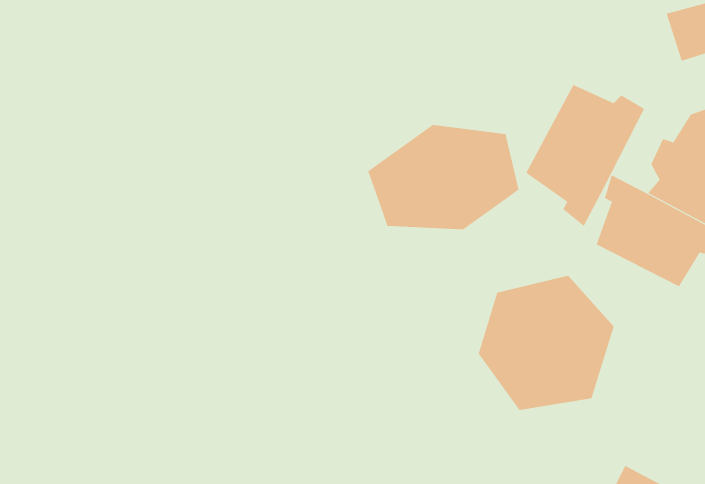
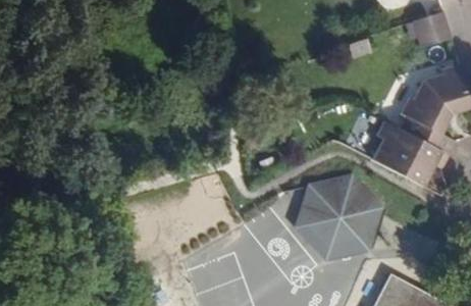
building: [525,84,645,227] -> none
building: [367,124,519,230] -> none

